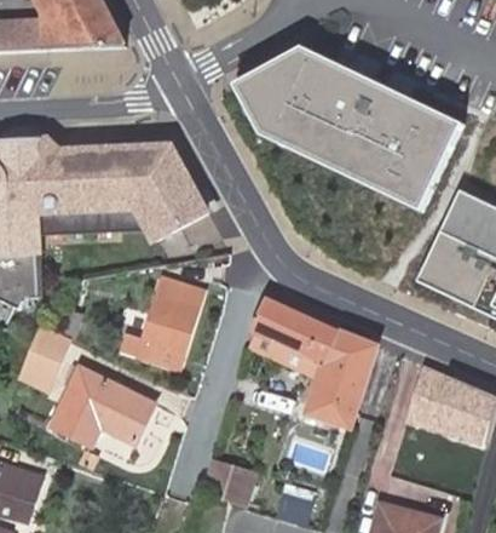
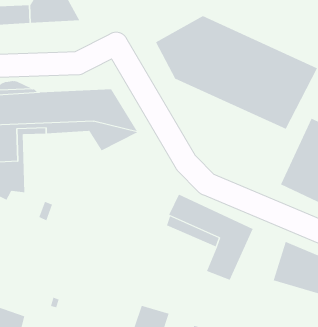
building: [122,279,203,367] -> none
building: [17,326,68,386] -> none
building: [51,368,152,443] -> none

